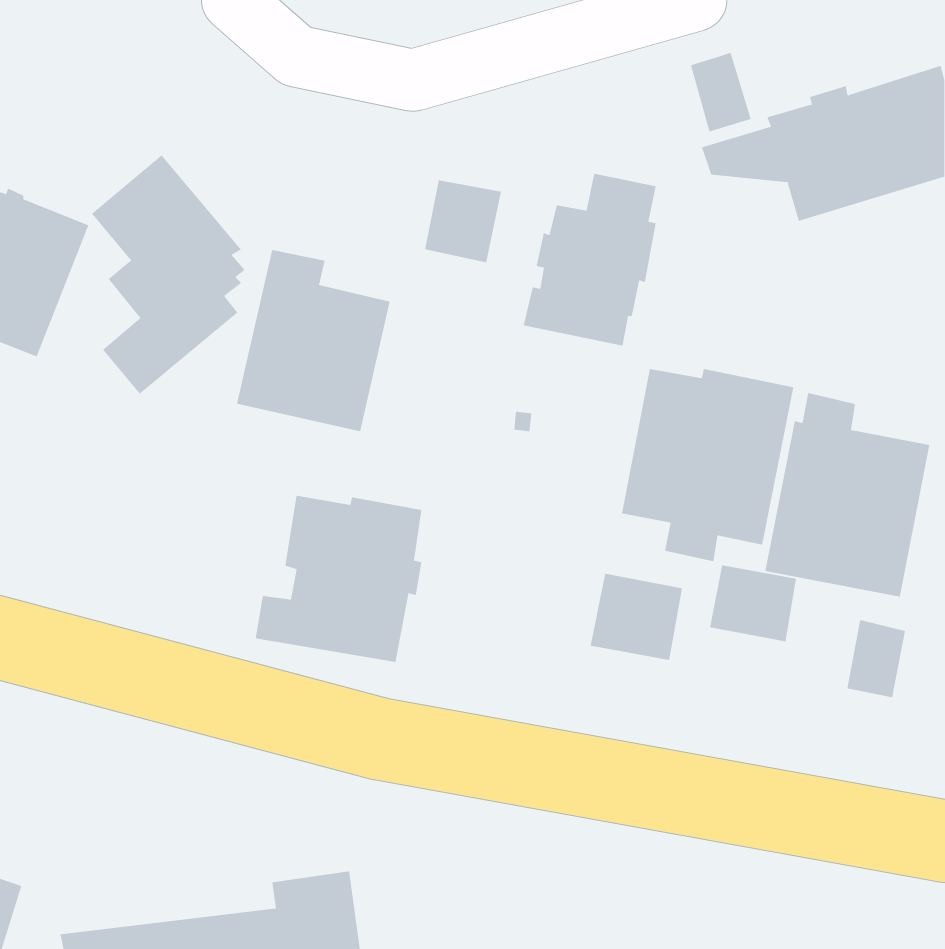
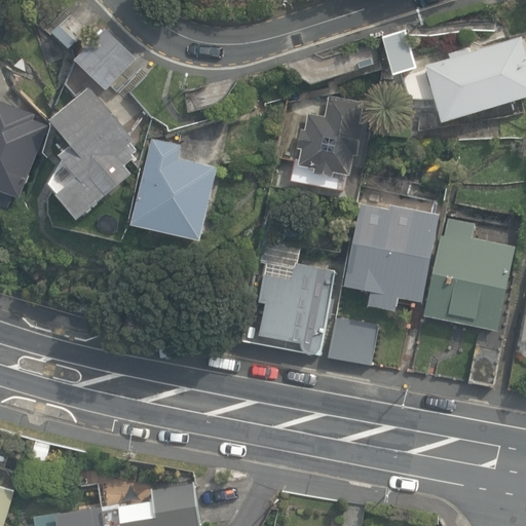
building: none -> [73,28,135,89]
building: [424,180,501,263] -> none
building: [255,495,422,663] -> [241,262,334,354]
building: [710,564,797,642] -> none

